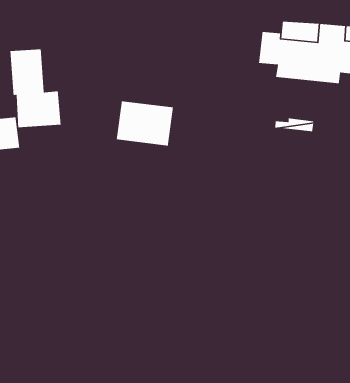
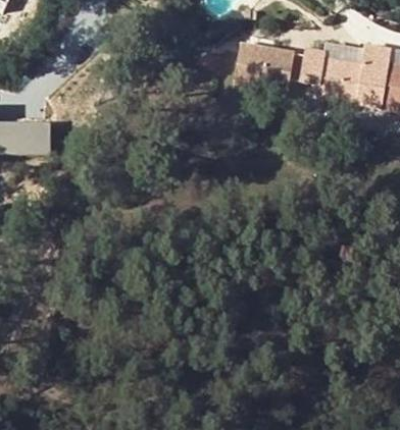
building: [10,49,62,128] -> none
building: [116,100,174,146] -> [234,45,295,95]

